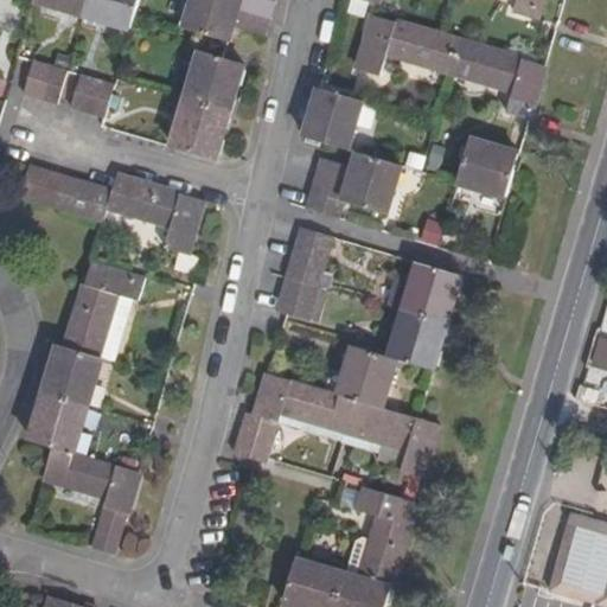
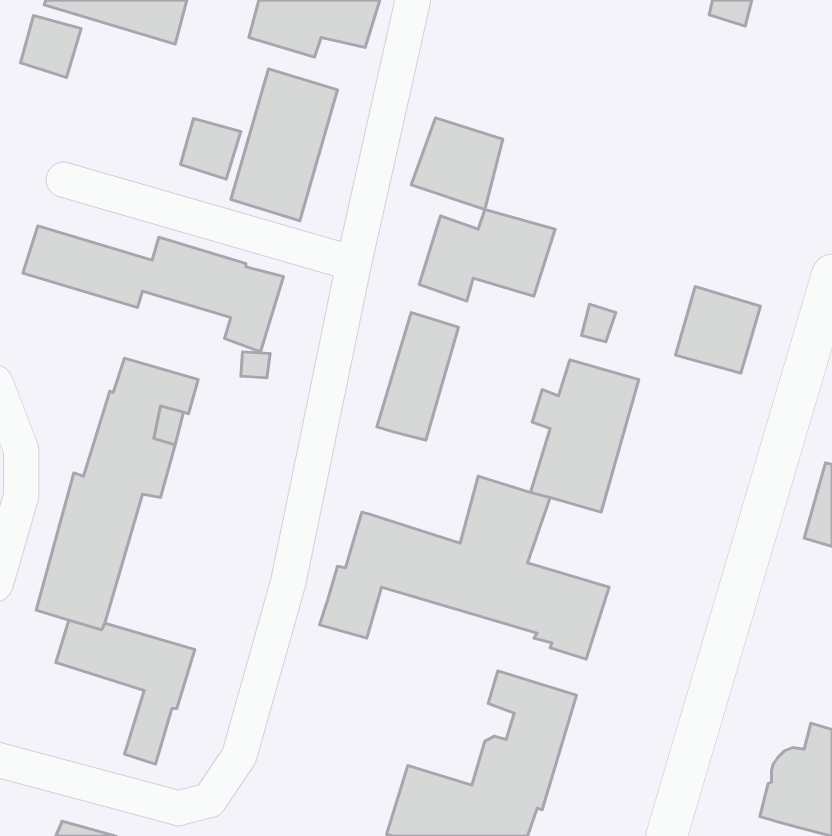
building: [353,14,547,120] -> none
building: [21,59,65,104] -> [21,15,81,78]
building: [69,74,113,117] -> [180,119,241,179]
building: [455,135,517,198] -> [675,287,761,373]

